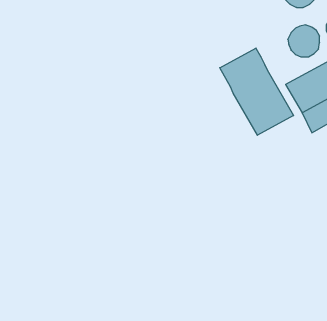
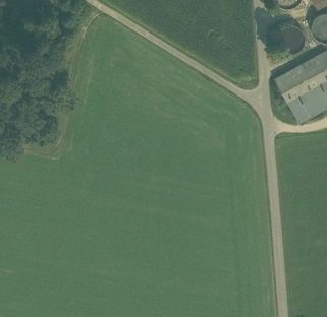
building: [220,48,294,135] -> none

